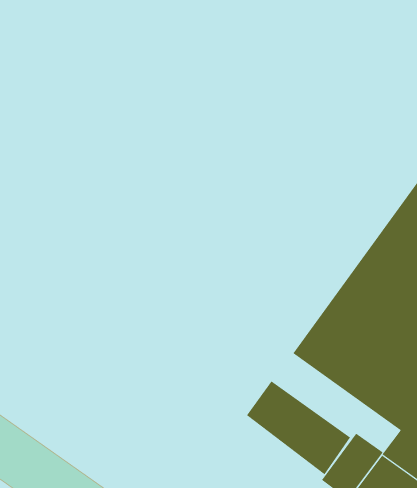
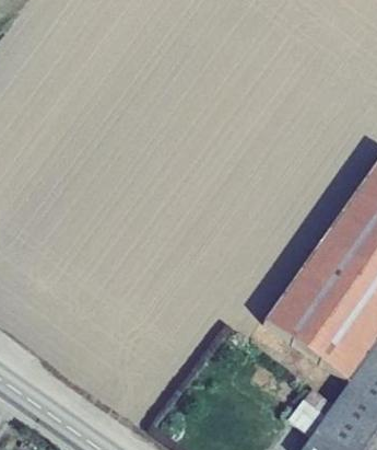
building: [246,381,351,475] -> none

